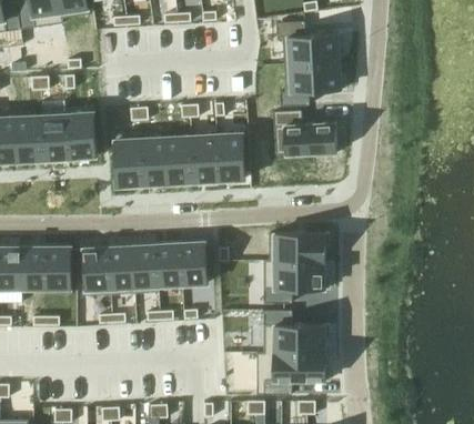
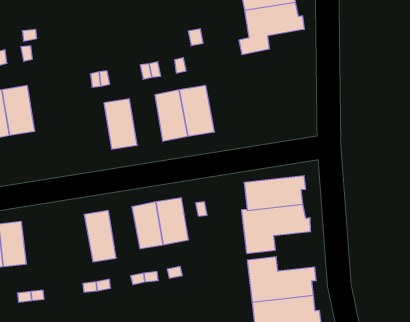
building: [273,110,336,157] -> none
building: [67,111,95,159] -> none
building: [165,137,193,184] -> none
building: [113,139,142,186] -> none
building: [132,244,160,293] -> none
building: [44,246,71,294] -> none
building: [83,246,111,295] -> none

